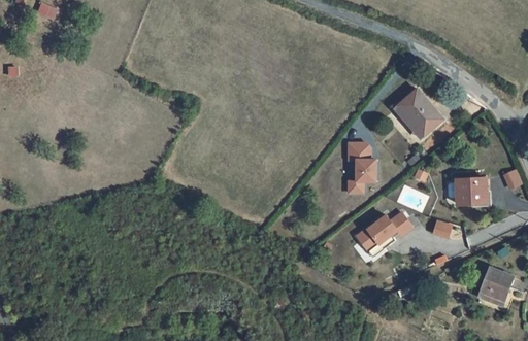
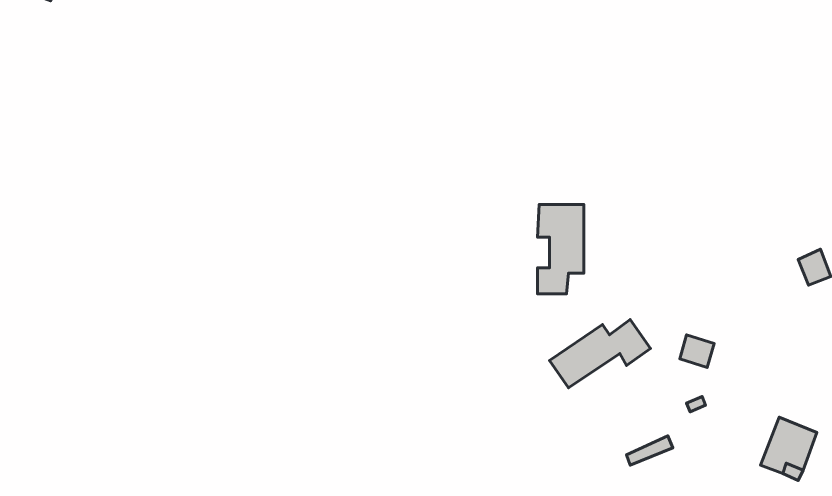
building: [396,91,442,138] -> none
building: [448,180,488,206] -> none

